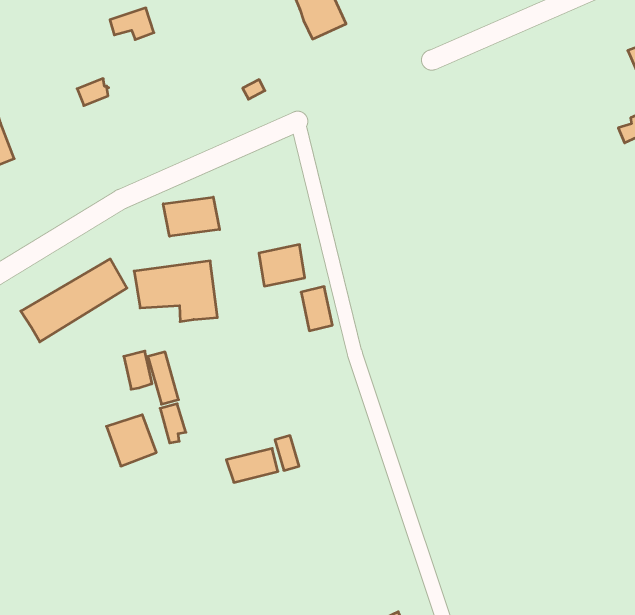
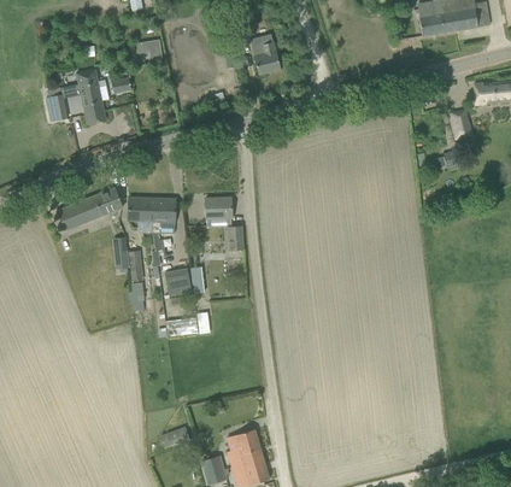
building: none -> [77,69,108,124]
building: [163,197,220,236] -> none
building: [106,415,156,466] -> [165,268,193,297]

